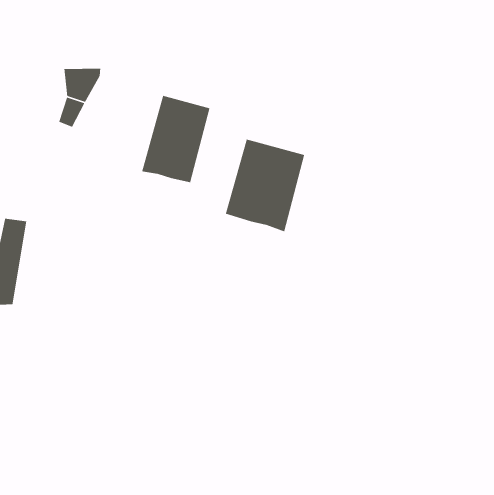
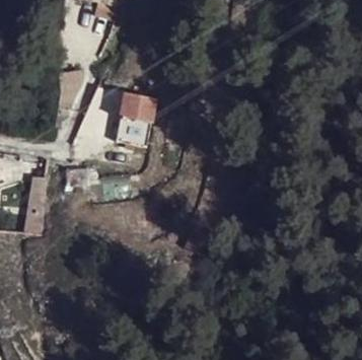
building: [225,139,305,232] -> none

